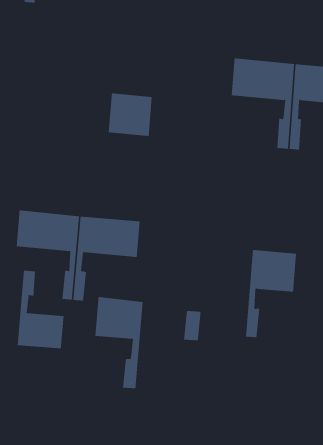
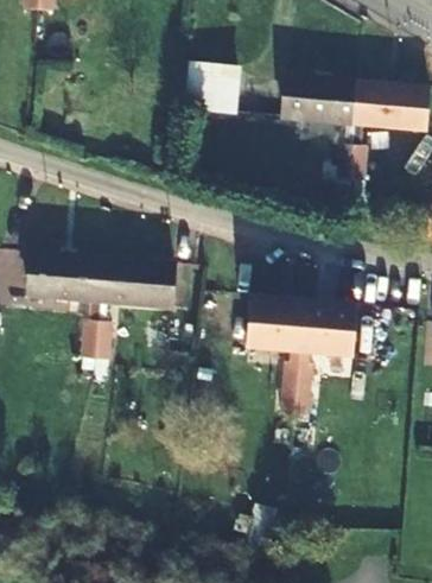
building: [108,93,153,136] -> [183,65,235,116]
building: [17,270,64,349] -> none
building: [95,297,143,389] -> [247,297,304,405]

